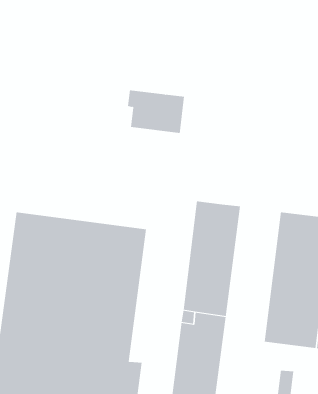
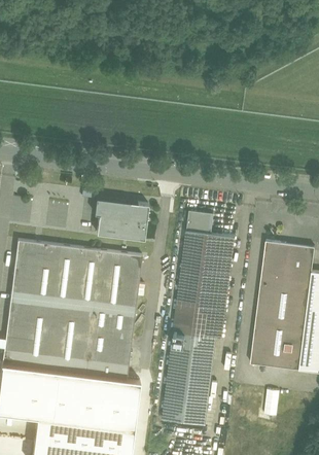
building: [127,90,185,134] -> [95,198,149,239]
building: none -> [187,210,214,233]

